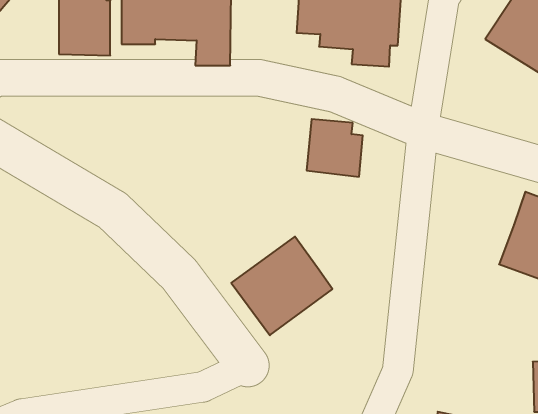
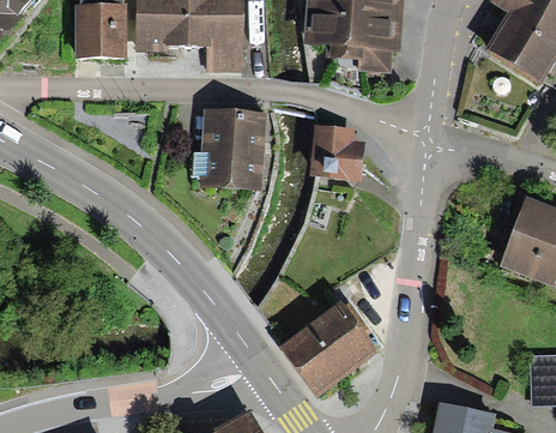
building: none -> [199,112,265,190]
building: [231,237,332,335] -> [278,300,375,395]

